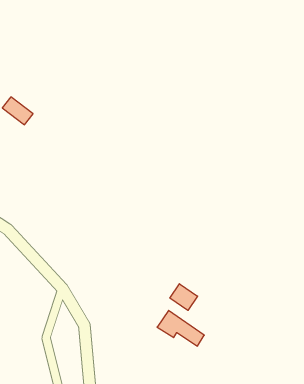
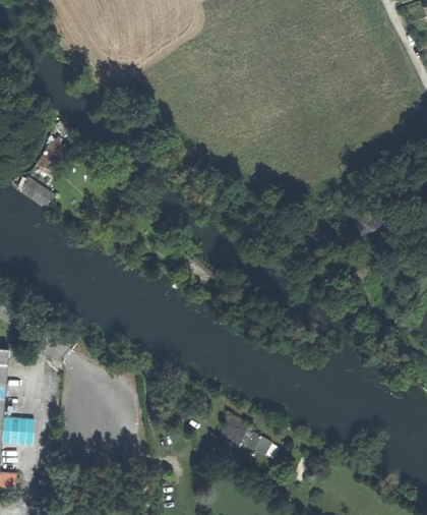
building: [170,284,198,310] -> none

